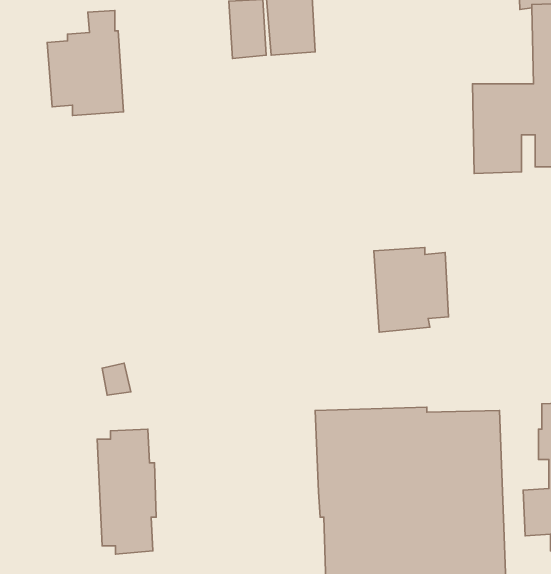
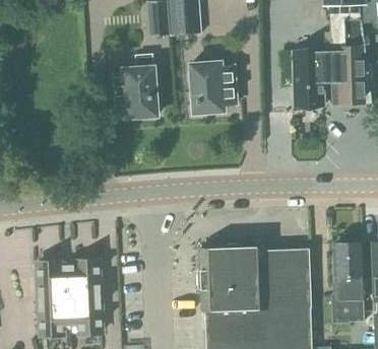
building: [47,10,123,115] -> [112,55,158,118]
building: [374,248,448,332] -> [191,63,236,114]
building: none -> [36,261,71,335]

